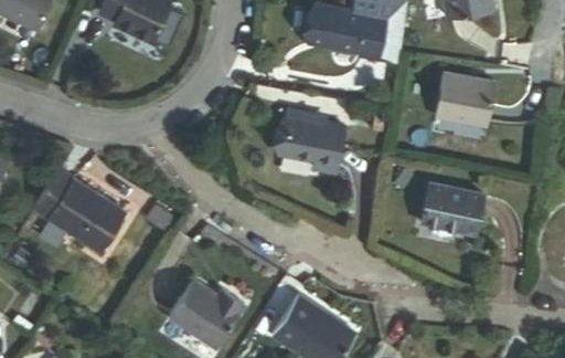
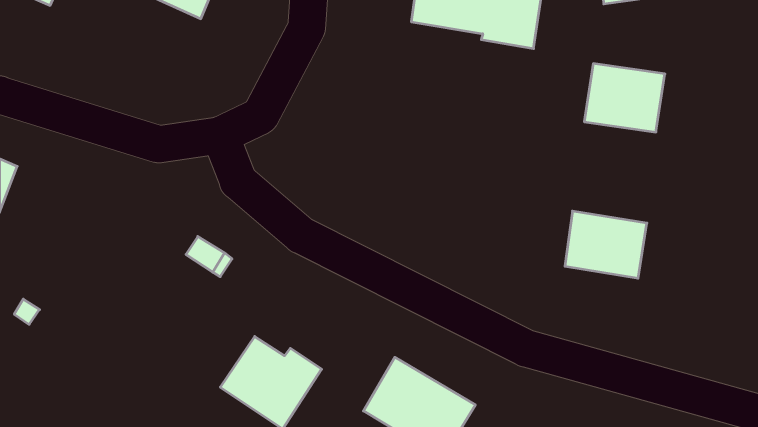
building: [279,110,342,171] -> none
building: [34,164,127,248] -> none

